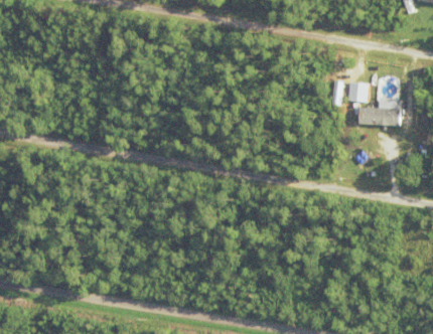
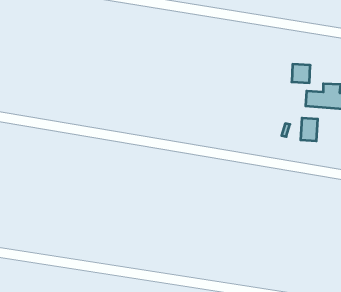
building: none -> [301,118,318,141]

